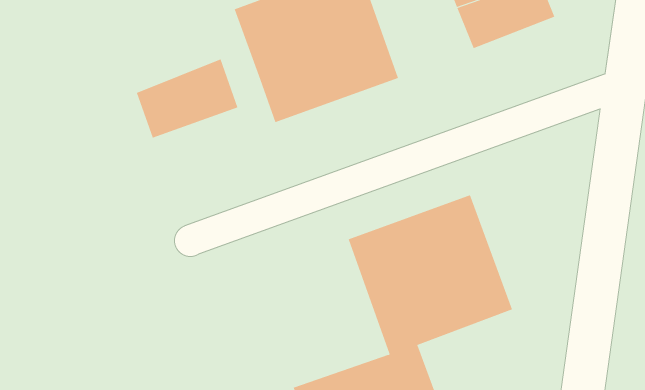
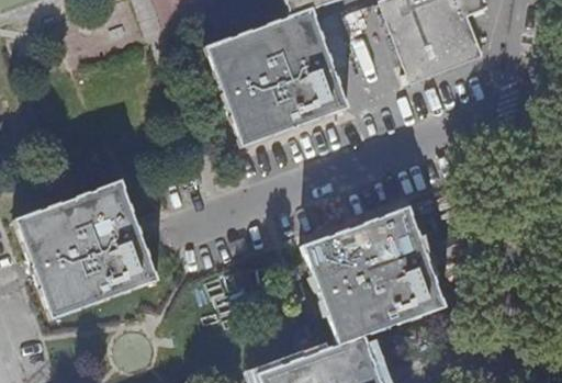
building: [136,58,238,139] -> none
building: none -> [16,180,158,317]

